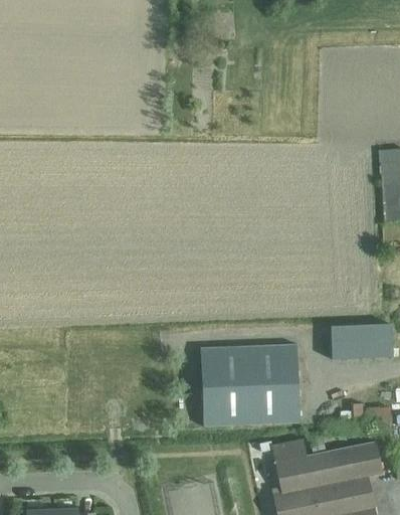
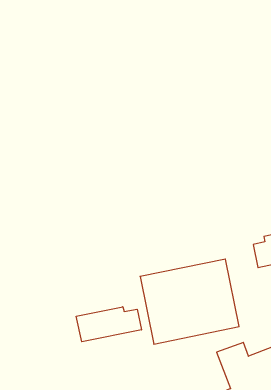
building: none -> [76,307,141,342]

